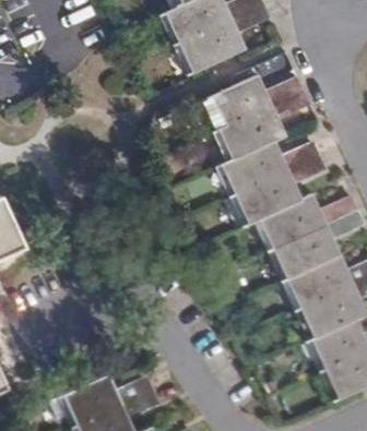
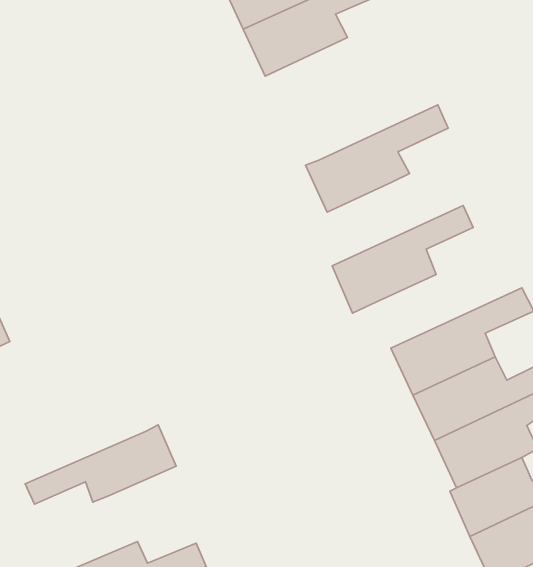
building: [212,75,304,128] -> none
building: [221,142,320,196] -> none
building: [260,196,358,250] -> none
building: none -> [25,425,176,504]

